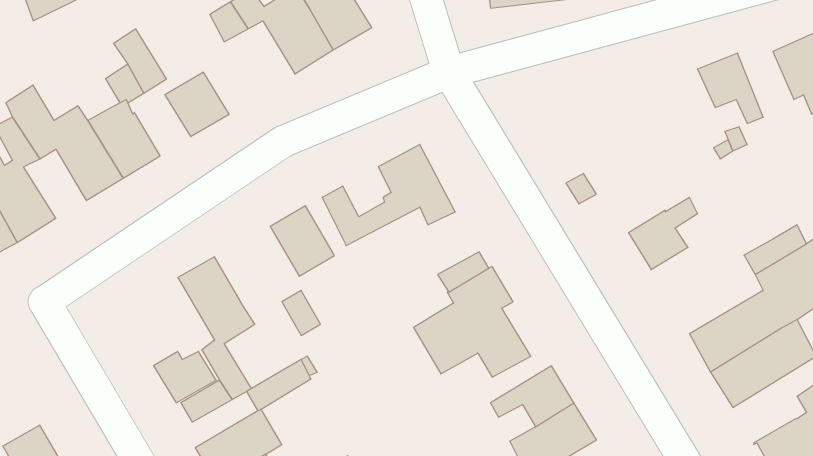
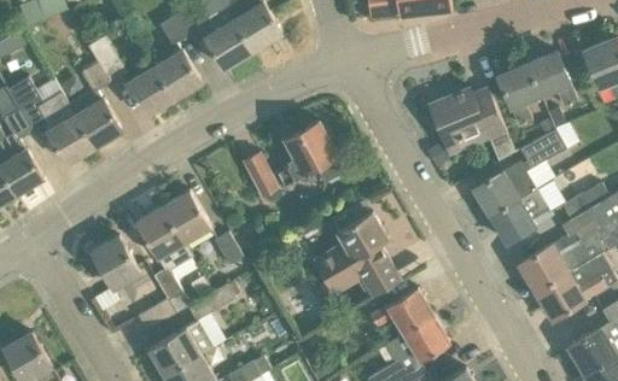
building: none -> [154,51,202,99]
building: none -> [497,65,540,125]
building: none -> [428,89,513,160]
building: none -> [519,130,566,169]
building: [270,206,334,276] -> [163,190,211,244]
building: none -> [491,189,552,244]
building: none -> [92,236,140,288]

